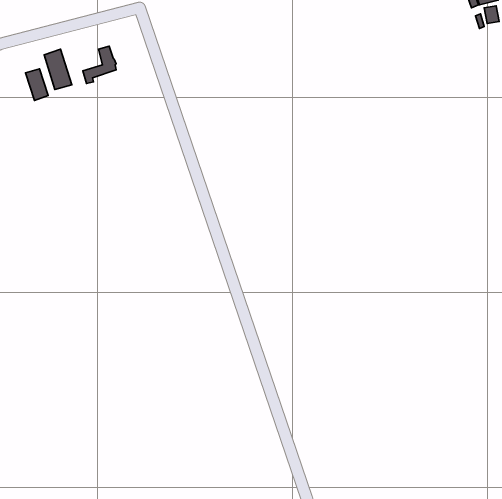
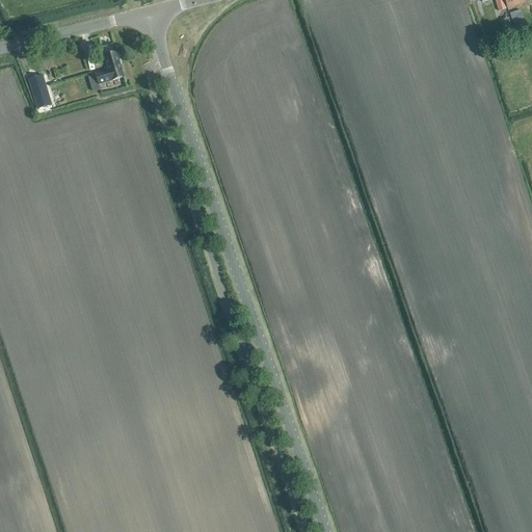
building: [44,49,72,90] -> none

